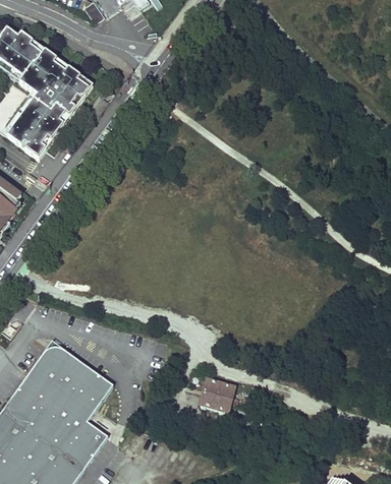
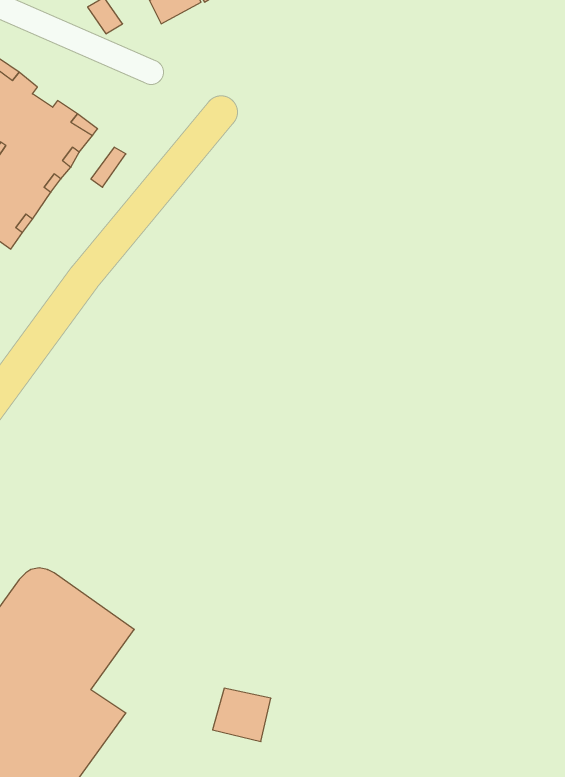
building: [199,377,234,410] -> [213,688,271,742]

